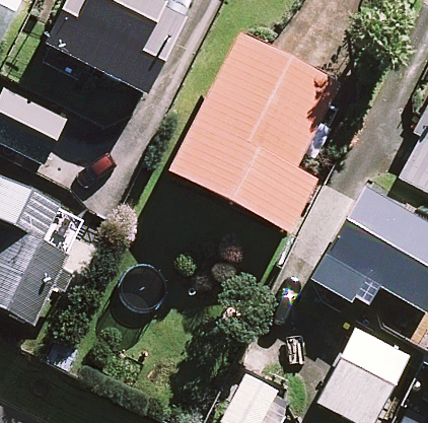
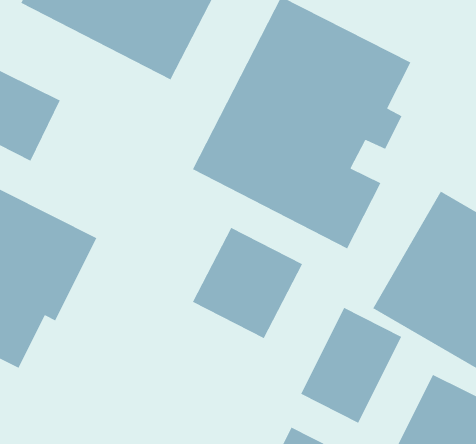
building: none -> [192,227,303,339]
building: none -> [300,307,402,424]

